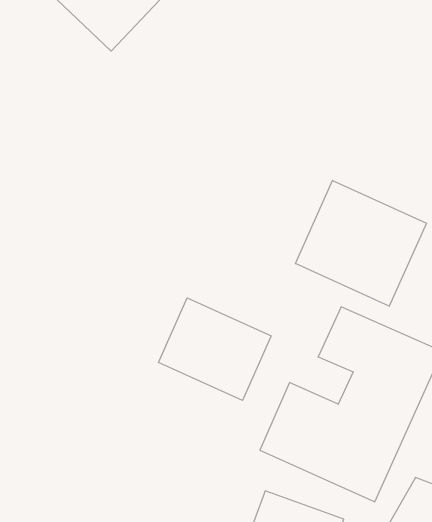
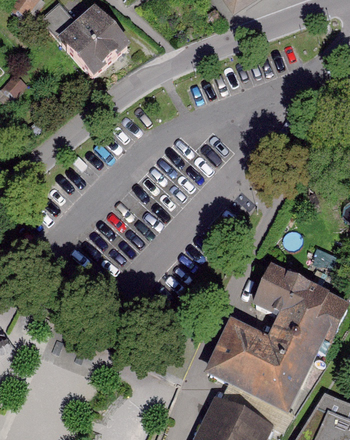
building: [295,180,426,306] -> none
building: [158,298,271,400] -> none

